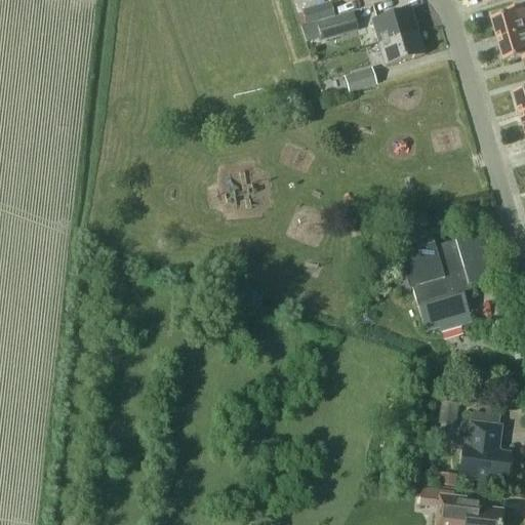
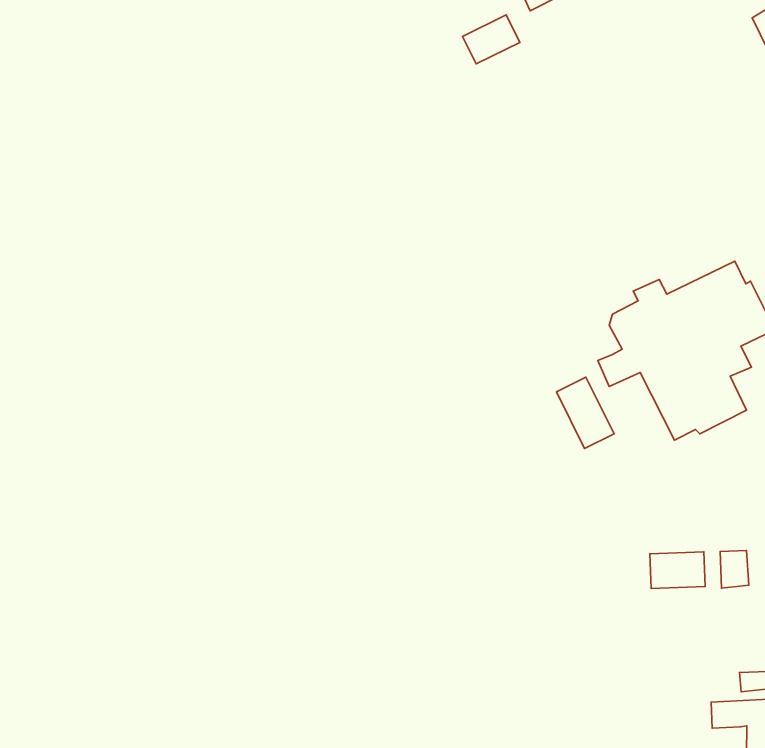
building: none -> [556,377,614,448]
building: none -> [650,552,705,588]

